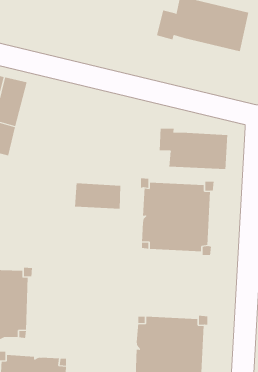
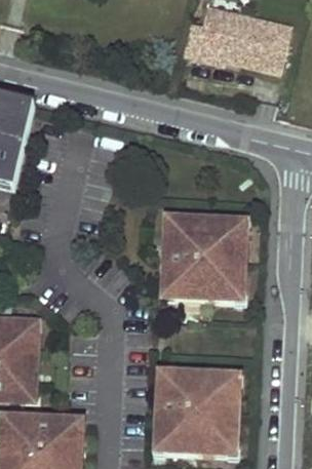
building: [159,128,228,170] -> none
building: [74,182,121,210] -> none

